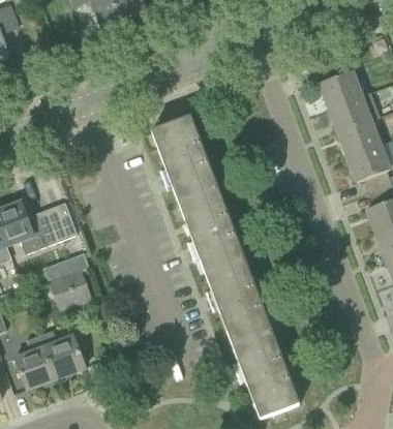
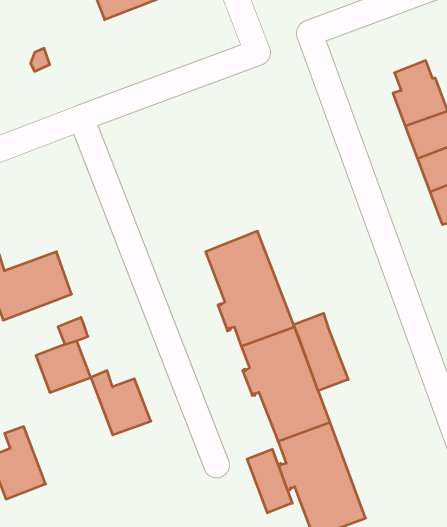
building: [151,115,217,202] -> none
building: none -> [294,313,348,391]
building: [40,329,86,377] -> [91,371,151,435]
building: none -> [247,449,292,513]

